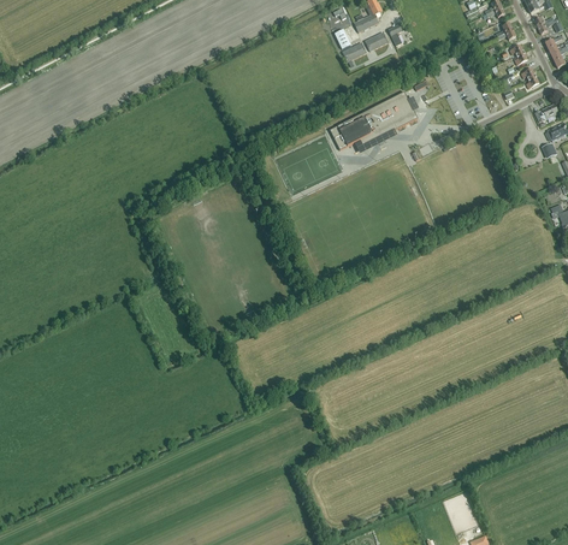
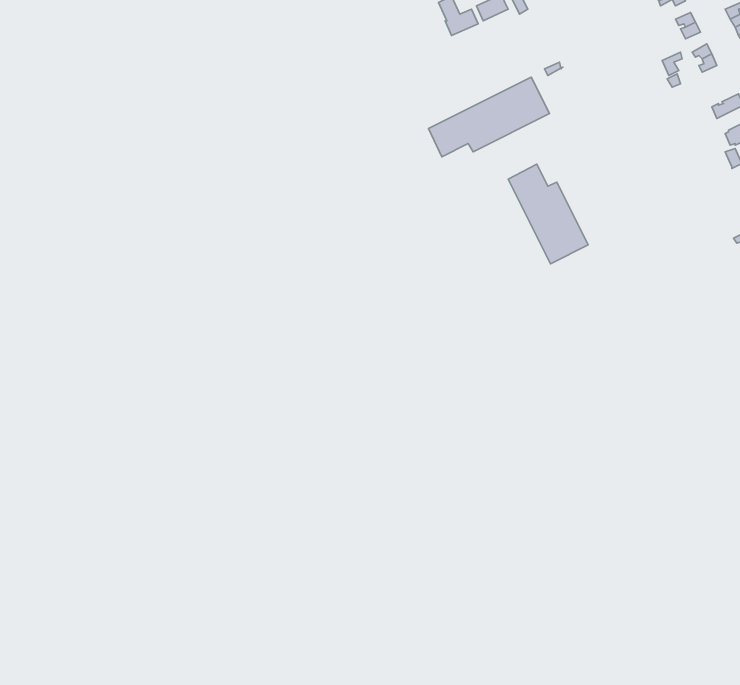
building: none -> [508,164,588,264]

